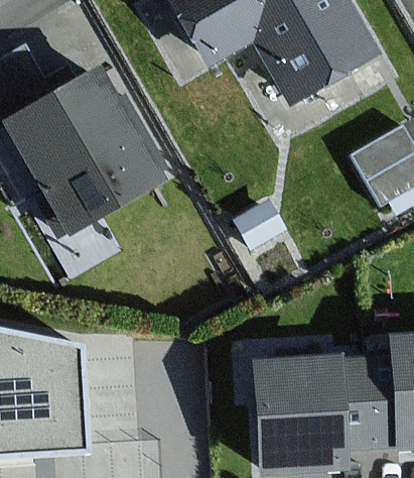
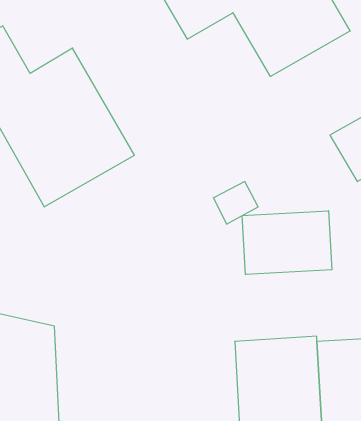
building: none -> [242,211,332,275]

